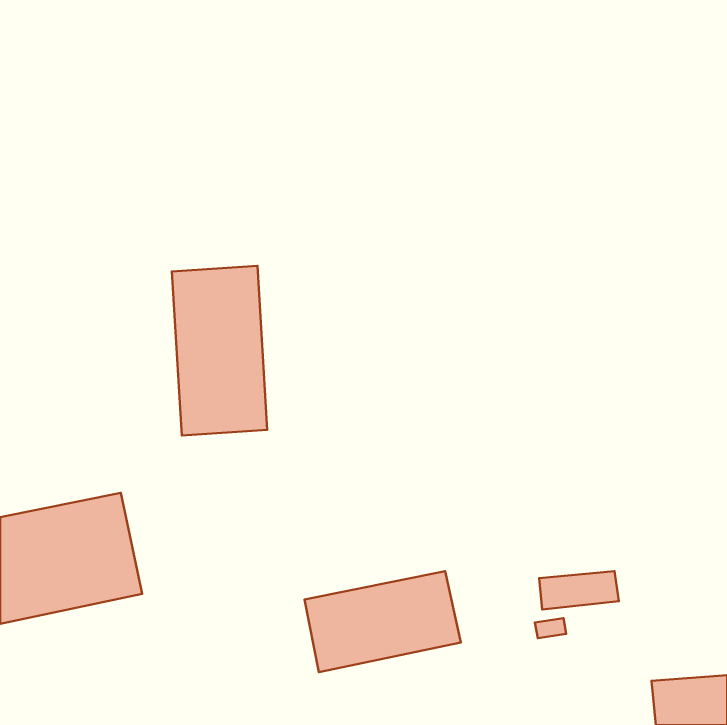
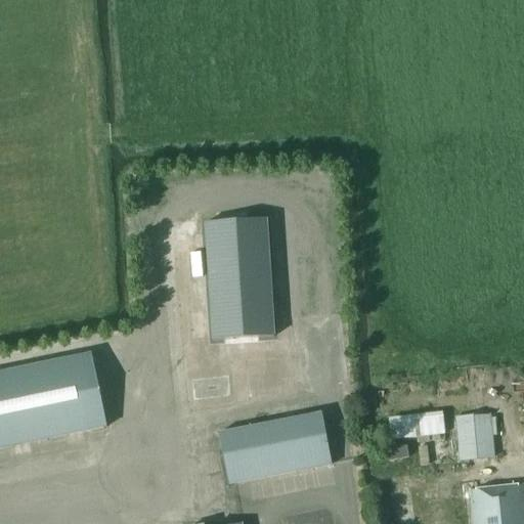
building: [172,266,267,435] -> [205,217,273,339]
building: none -> [455,411,494,460]

